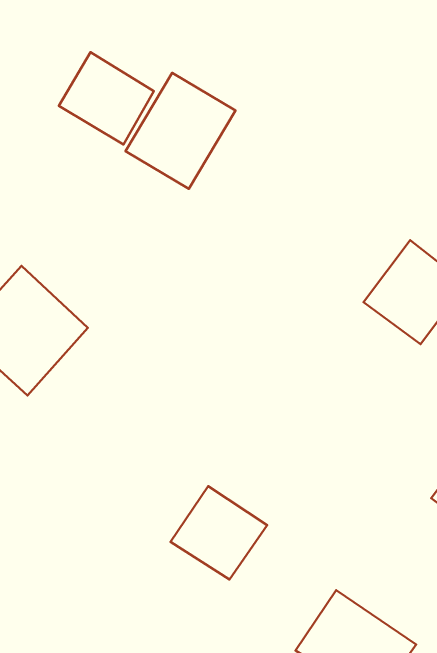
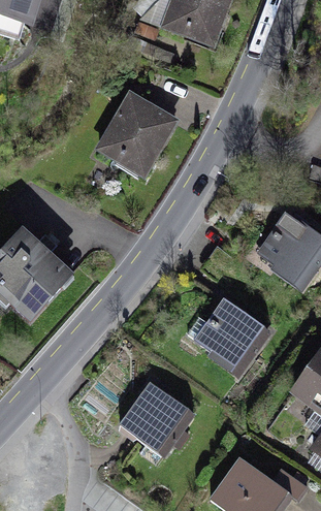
building: [59,52,154,144] -> none
building: none -> [185,291,266,372]

